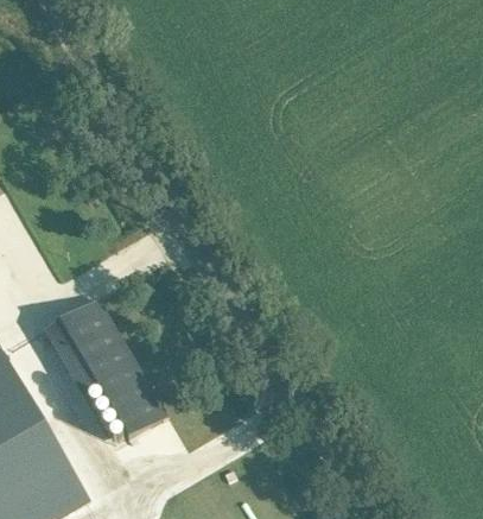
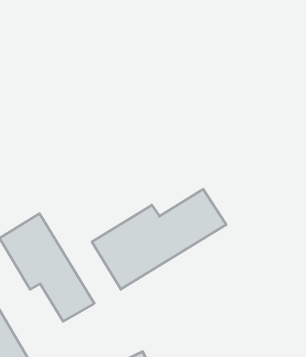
building: none -> [92,189,226,289]

